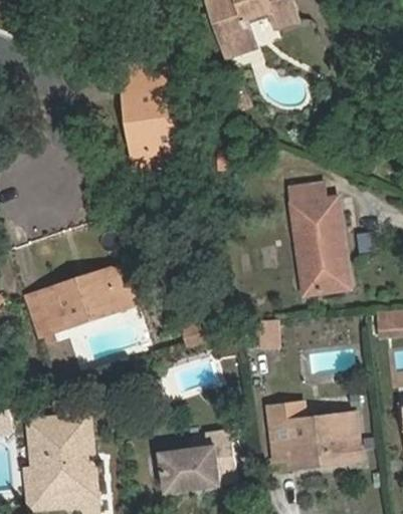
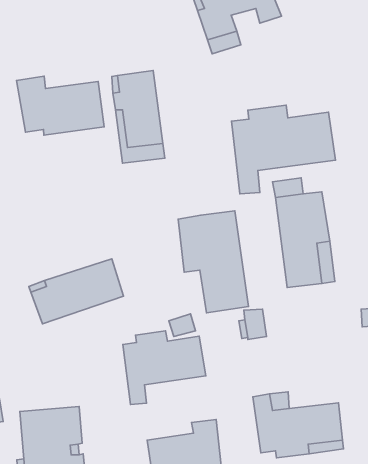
building: none -> [16,76,104,135]
building: none -> [231,105,335,194]
building: none -> [178,211,248,313]
building: none -> [123,331,206,404]

